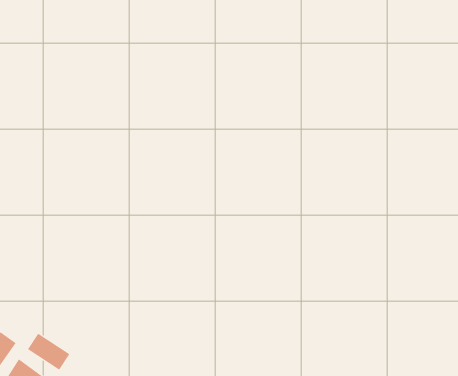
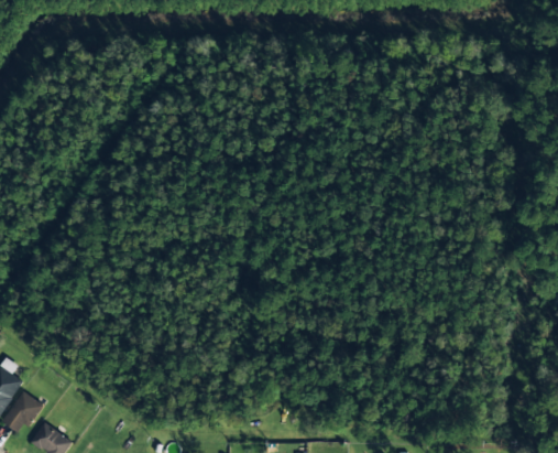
building: [27,333,70,370] -> none

